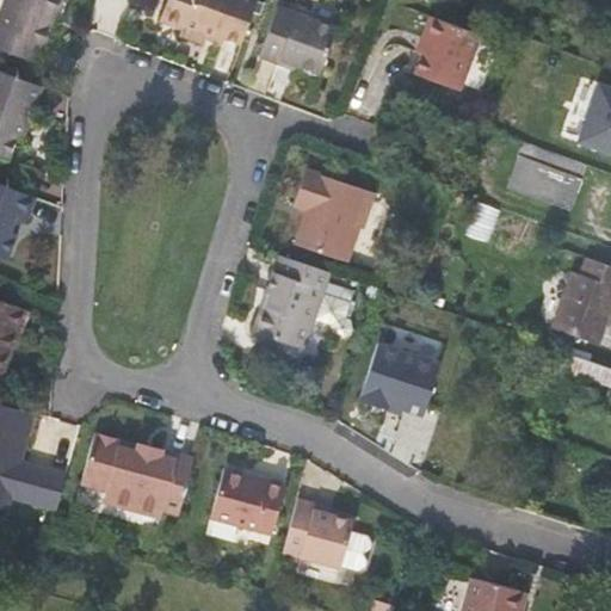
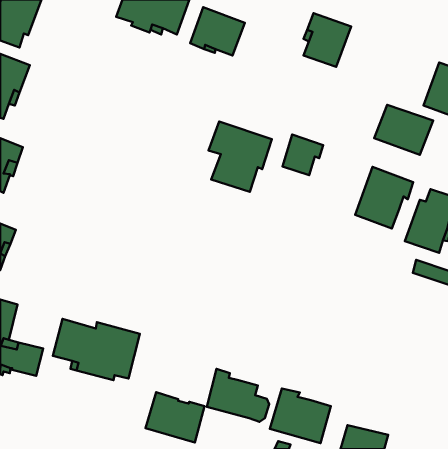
building: none -> [282,135,323,175]
building: none -> [355,167,413,228]
building: [246,252,340,347] -> none
building: [362,337,445,415] -> none
building: [205,462,285,530] -> [146,392,204,442]
building: none -> [270,388,331,443]

